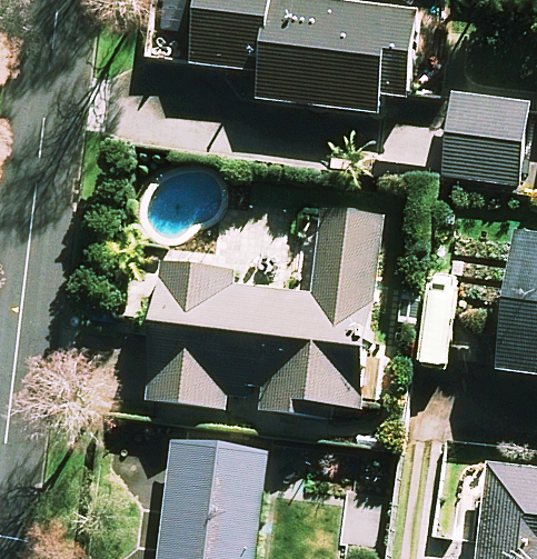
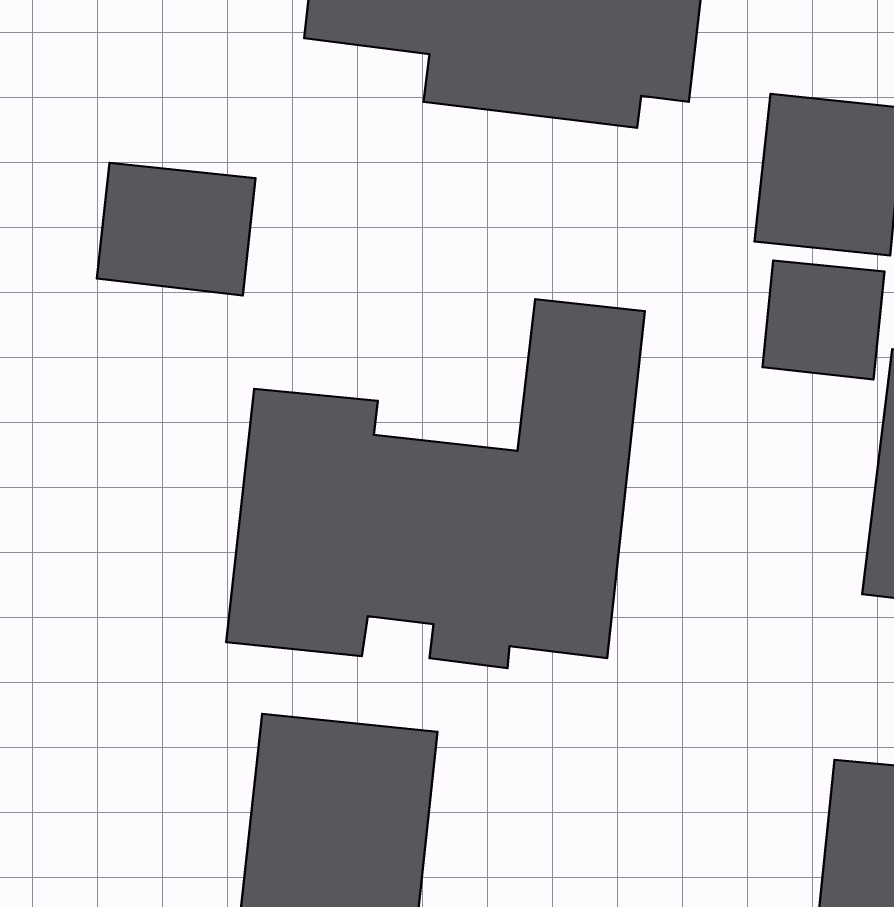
building: none -> [97,163,256,295]
building: none -> [762,260,885,380]

